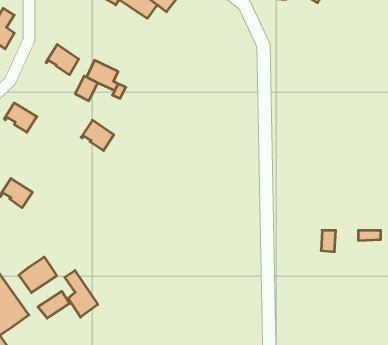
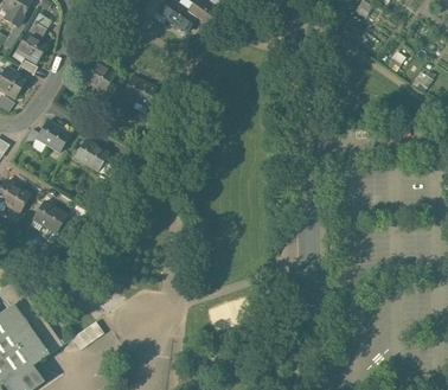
building: [81,120,114,151] -> [73,139,108,171]
building: [19,257,57,293] -> none
building: [65,270,98,317] -> none

